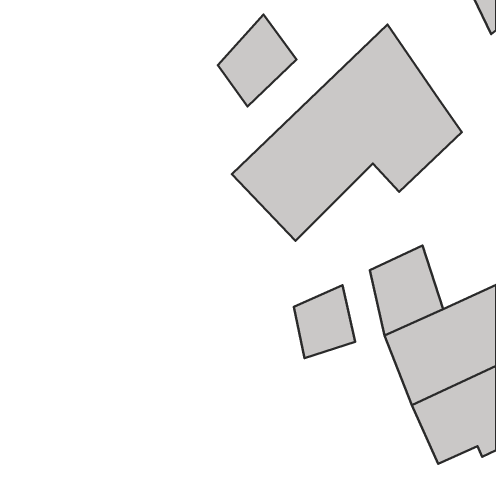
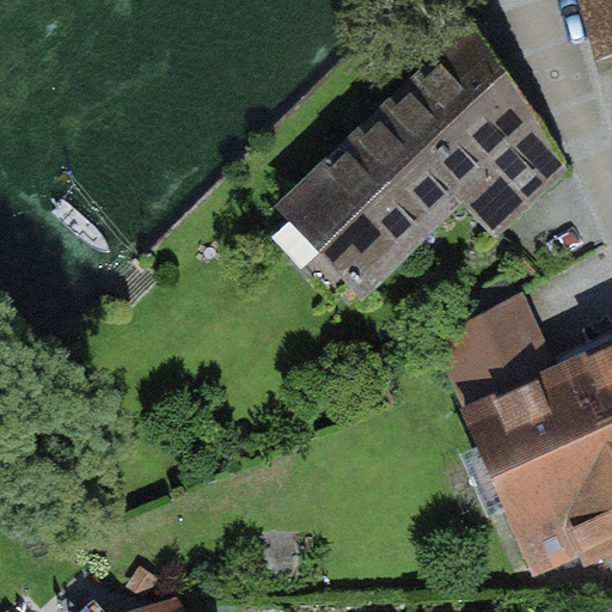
building: [218,14,296,106] -> none
building: [294,285,355,358] -> none

